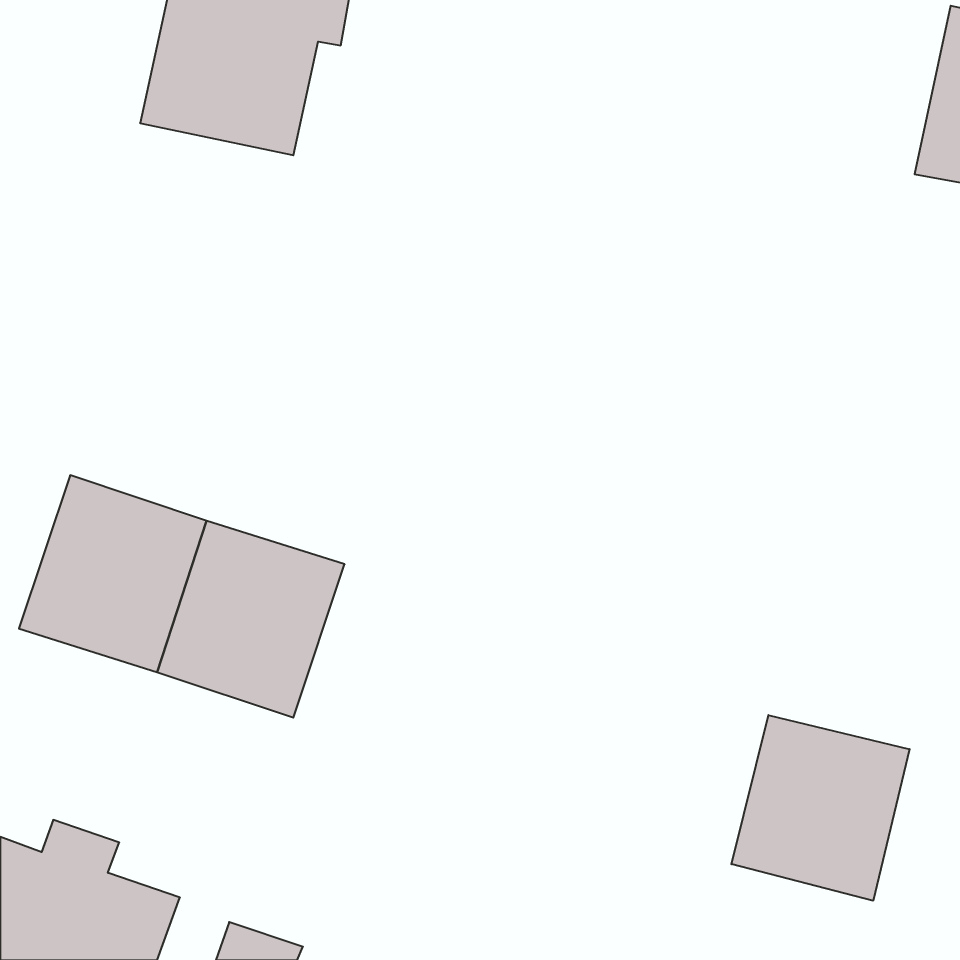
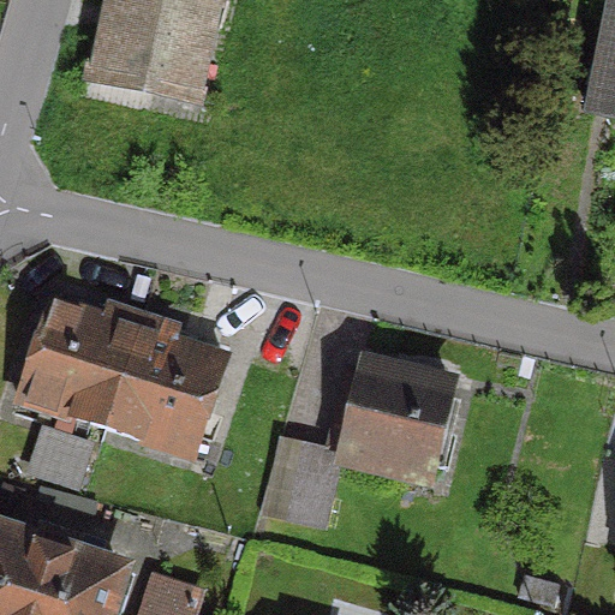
building: none -> [286,363,449,525]
building: [731,715,910,901] -> none

